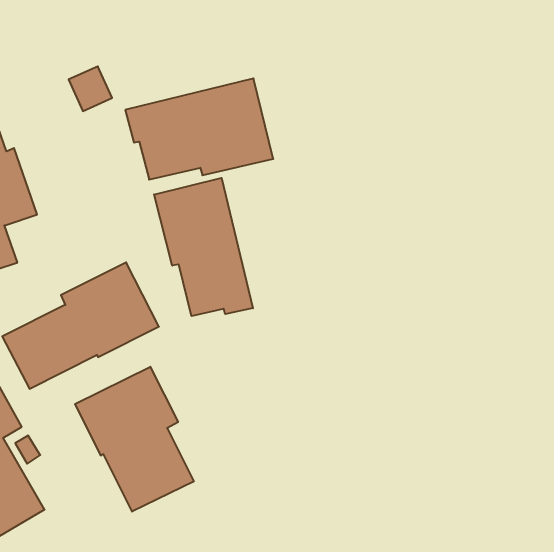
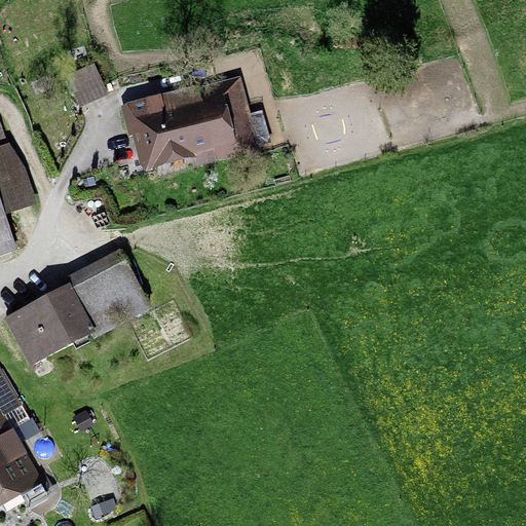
building: [154,178,253,316] -> none
building: [75,367,194,512] -> none

